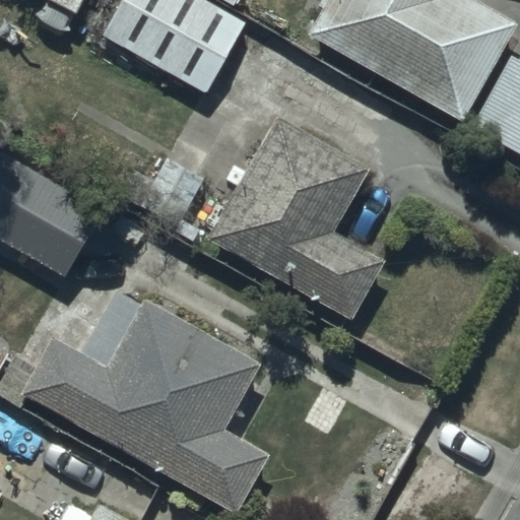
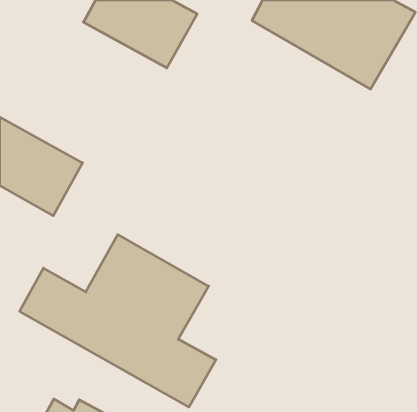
building: [208,115,384,318] -> none

